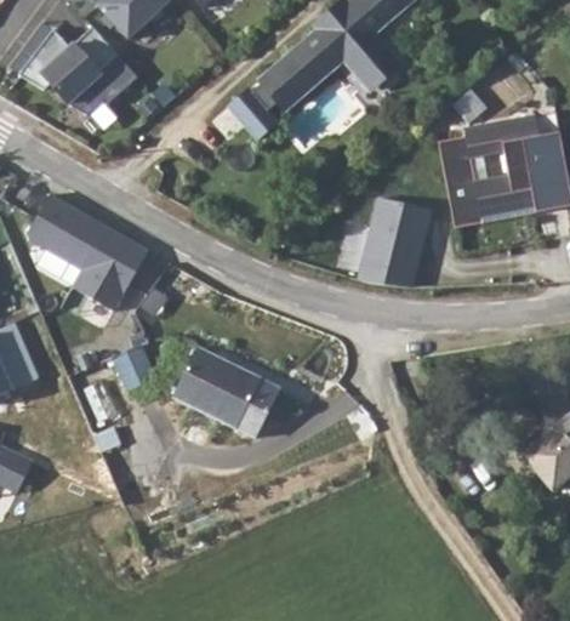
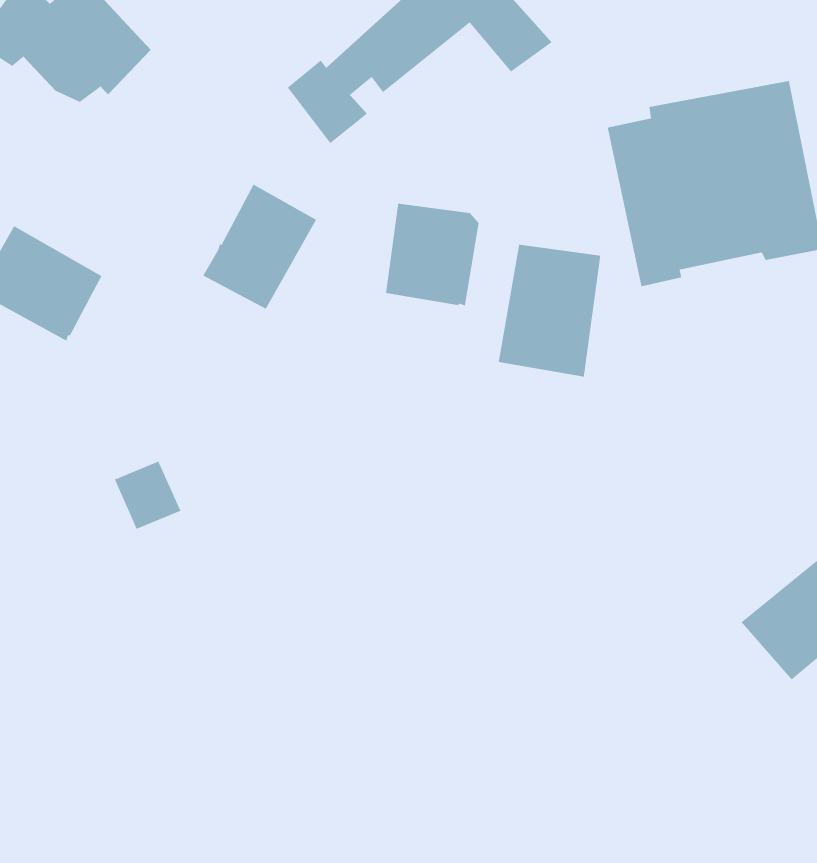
building: none -> [385,203,480,306]
building: [75,226,149,307] -> [202,184,317,310]
building: [171,344,277,434] -> none

